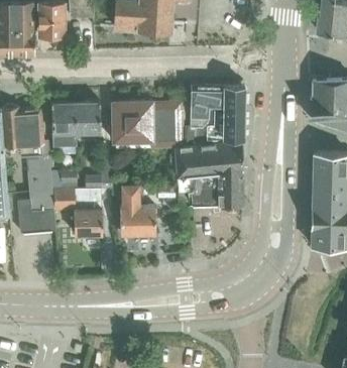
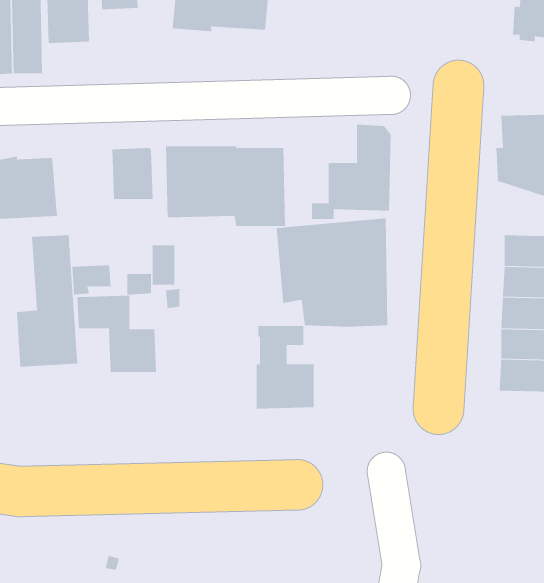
building: [186,86,224,146] -> none
building: [53,102,79,147] -> none
building: [121,185,156,235] -> [256,325,314,409]

